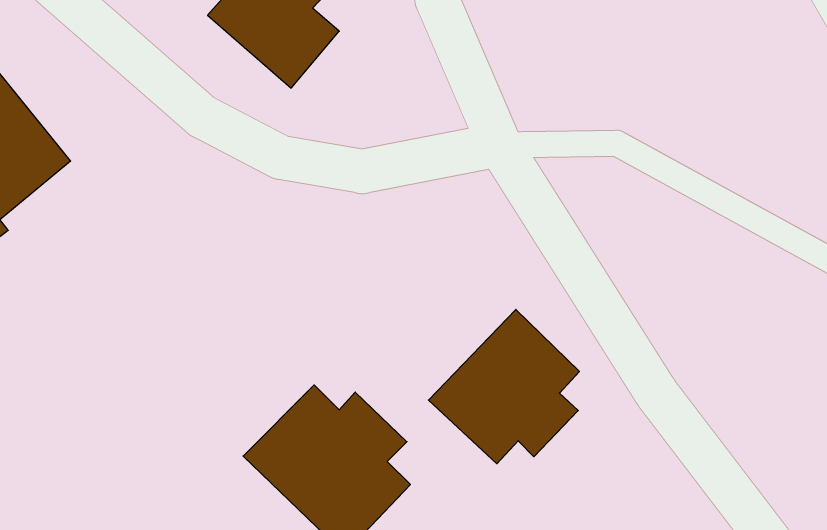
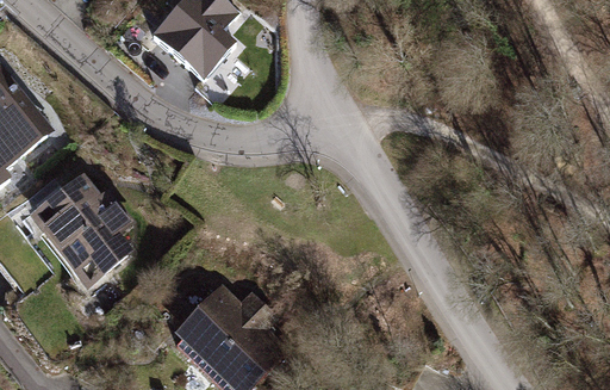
building: none -> [31,177,139,293]
building: [428,309,579,464] -> none

